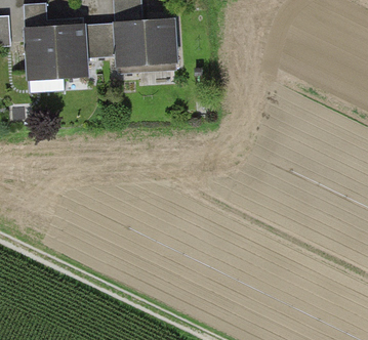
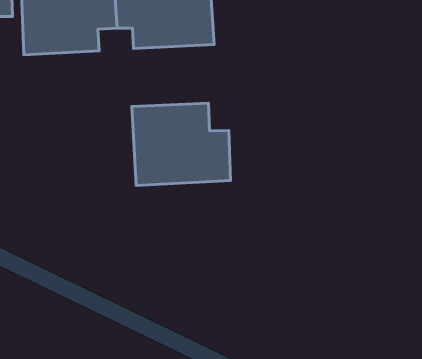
building: none -> [132,103,231,186]

